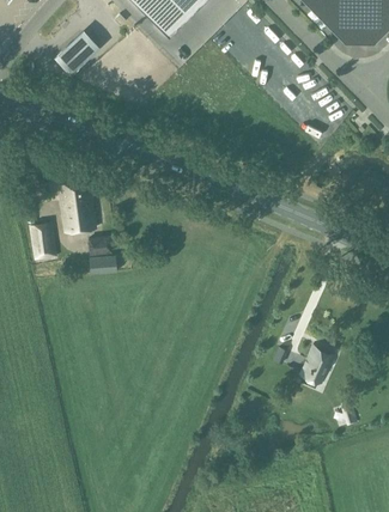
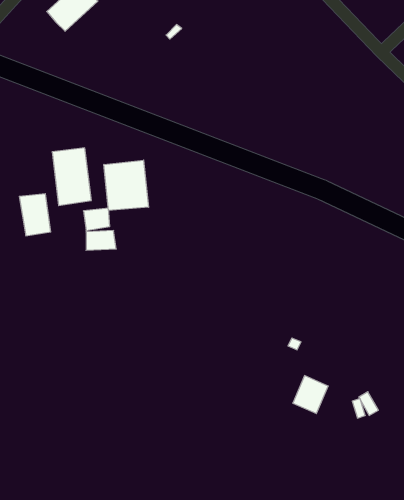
building: none -> [104,160,149,210]
building: [302,351,334,385] -> [293,376,328,414]

